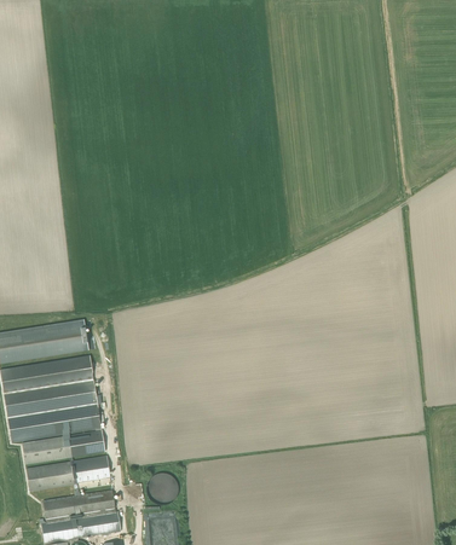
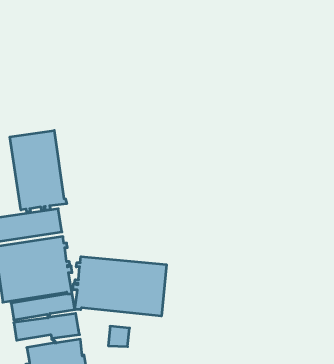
building: none -> [10,130,67,212]
building: none -> [73,257,166,316]

